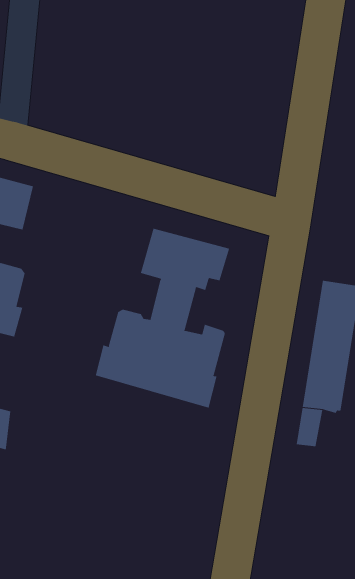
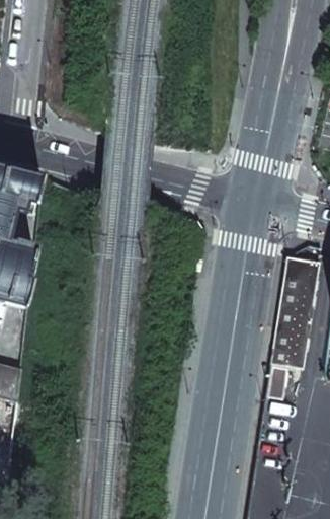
building: [95,228,230,408] -> none

